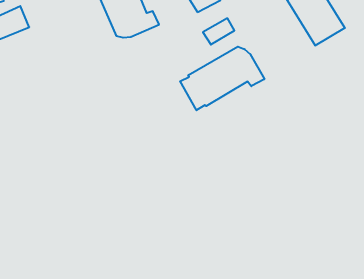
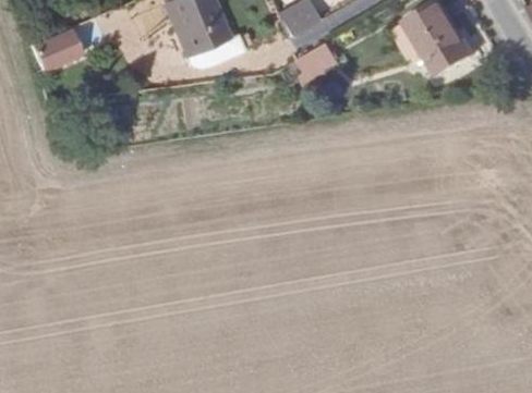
building: [180,47,264,110] -> none

